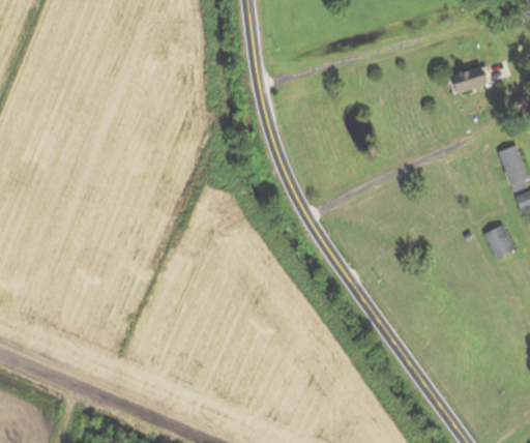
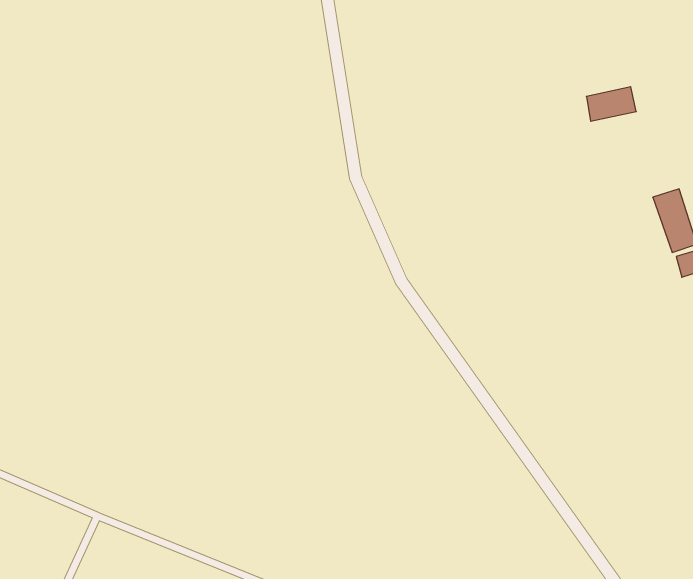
building: [484,224,516,257] -> none

